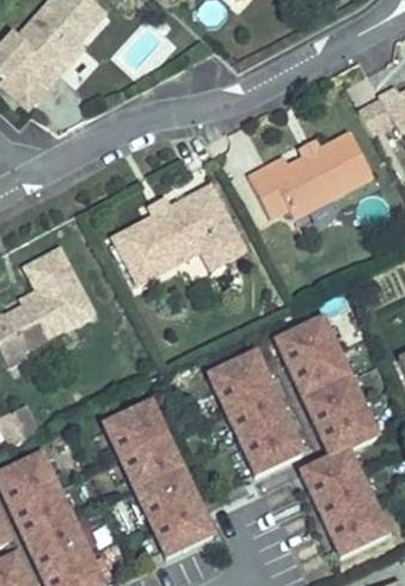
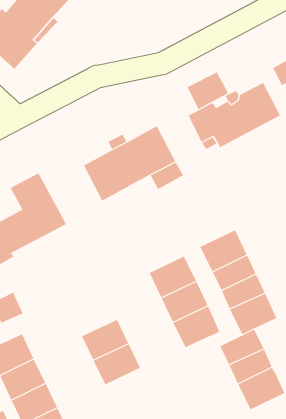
building: none -> [187,71,229,110]
building: [103,402,166,458] -> none
building: [149,499,212,556] -> none

